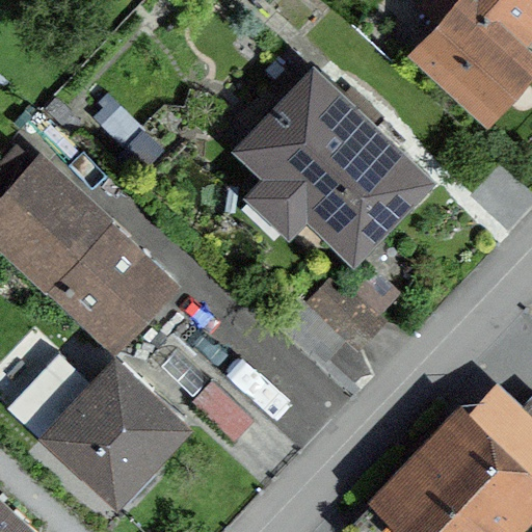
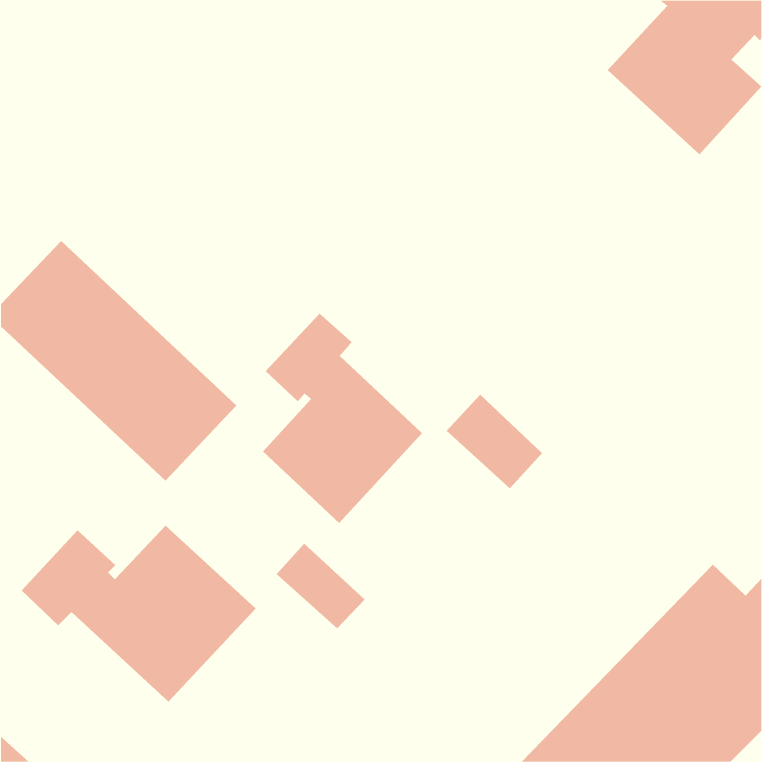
building: [250,77,421,246] -> none
building: none -> [262,313,423,524]

